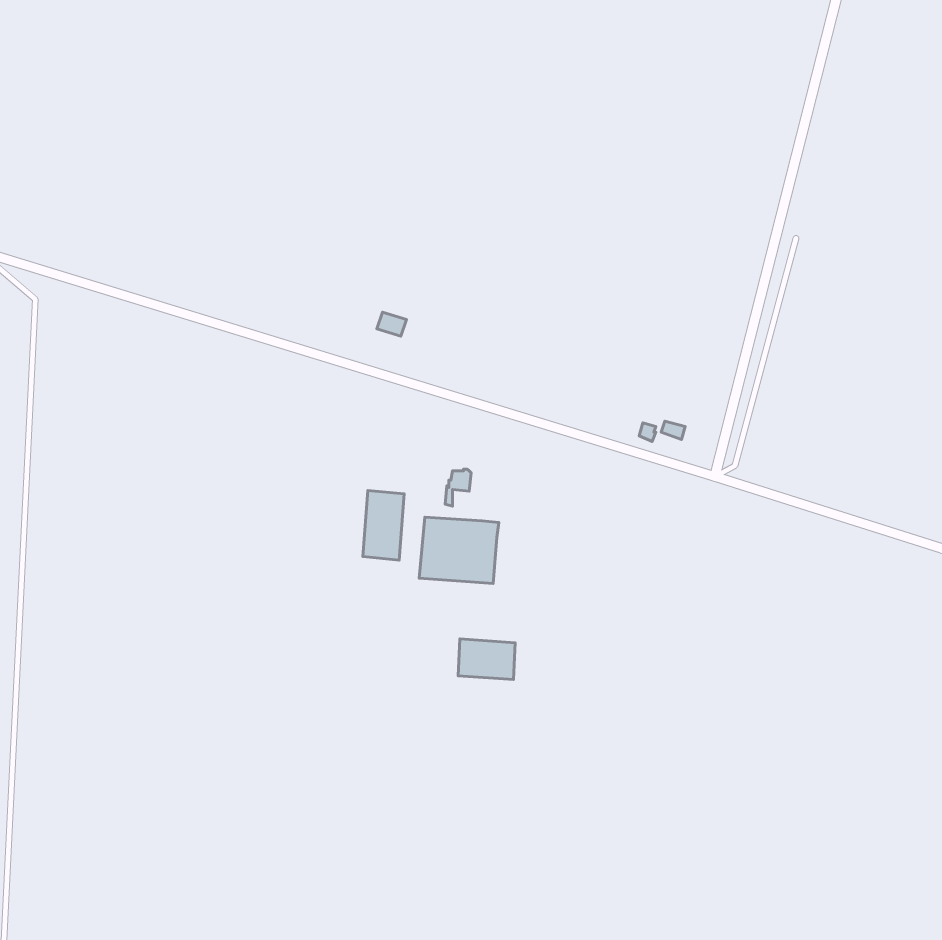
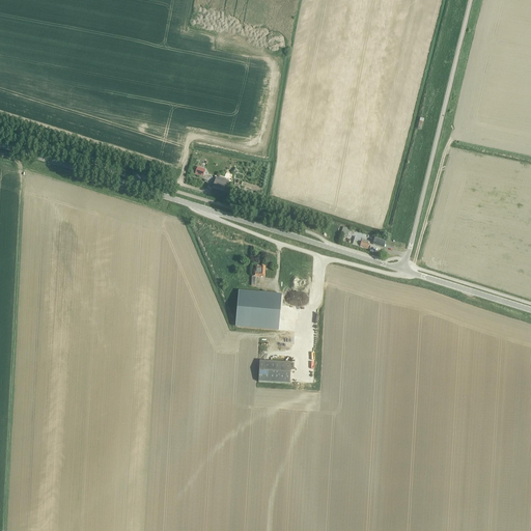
building: [363,490,404,560] -> none

